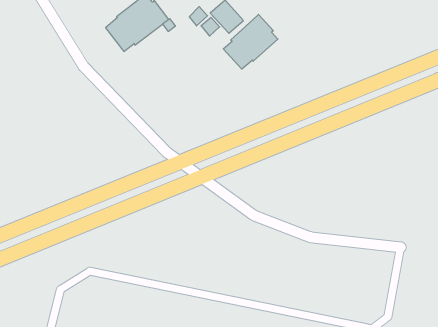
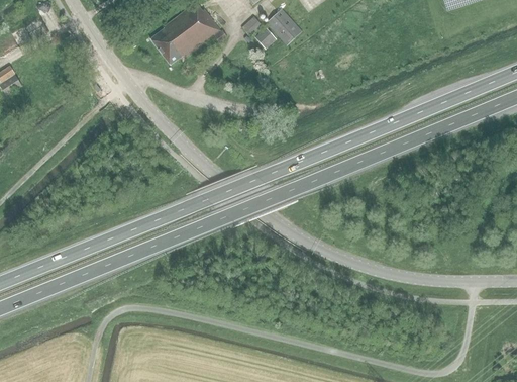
building: [223,14,278,69] -> none

